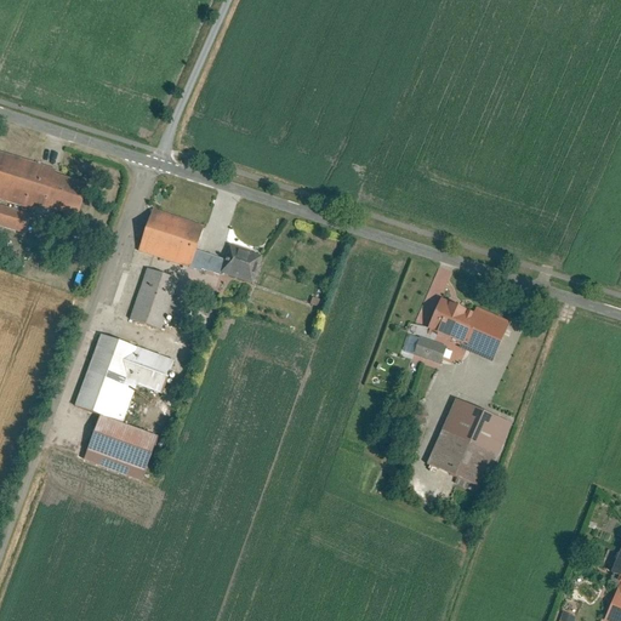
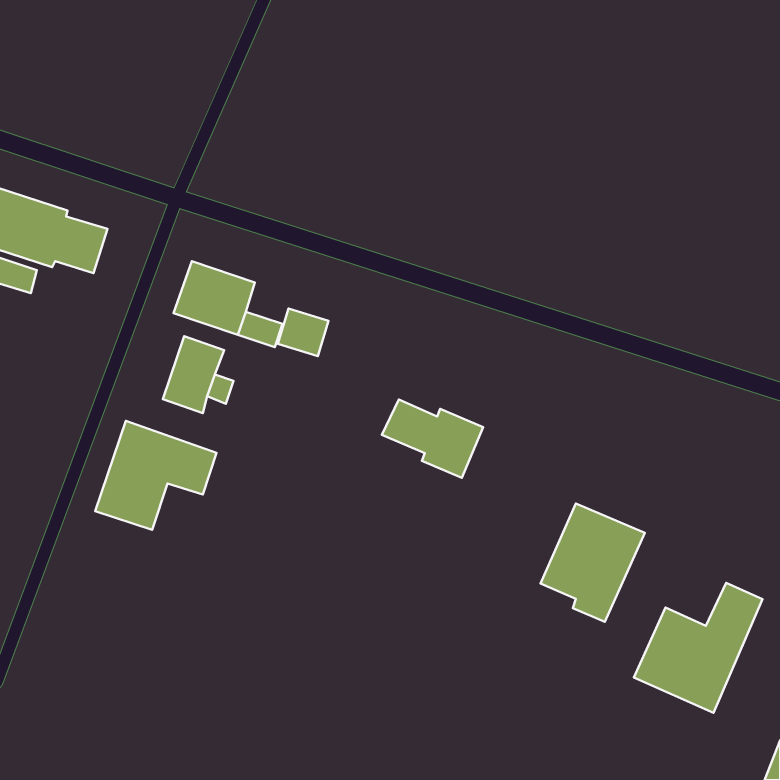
building: [427,298,507,360] -> [382,400,483,478]
building: [411,335,444,363] -> none
building: [82,414,159,478] -> none
building: none -> [634,583,762,713]

